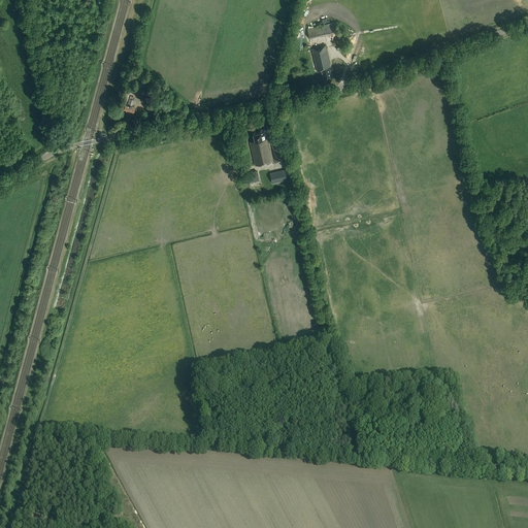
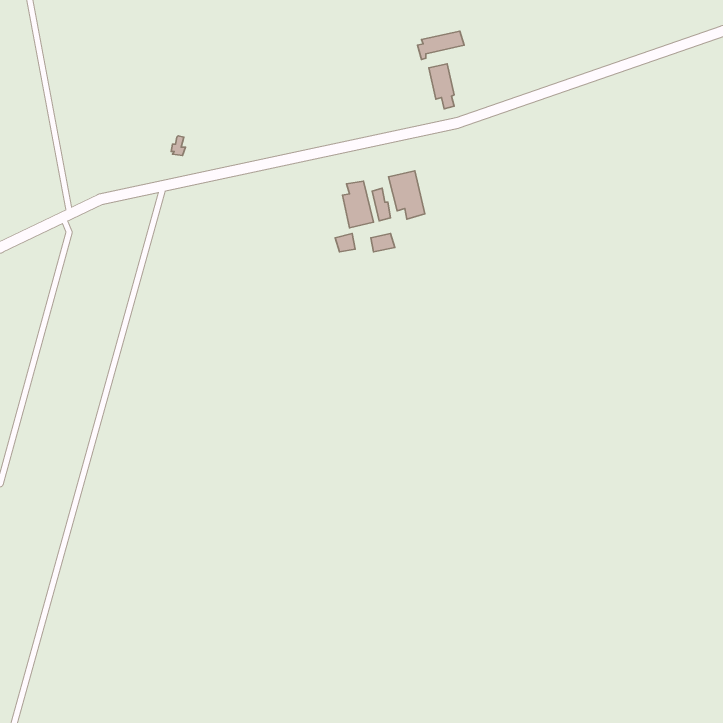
building: none -> [389,171,425,219]

